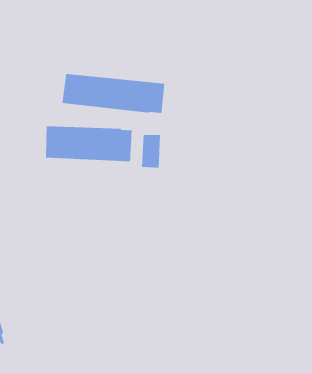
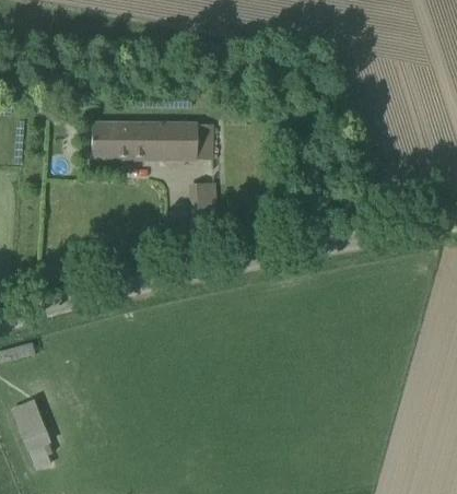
building: [46,126,132,162] -> none

